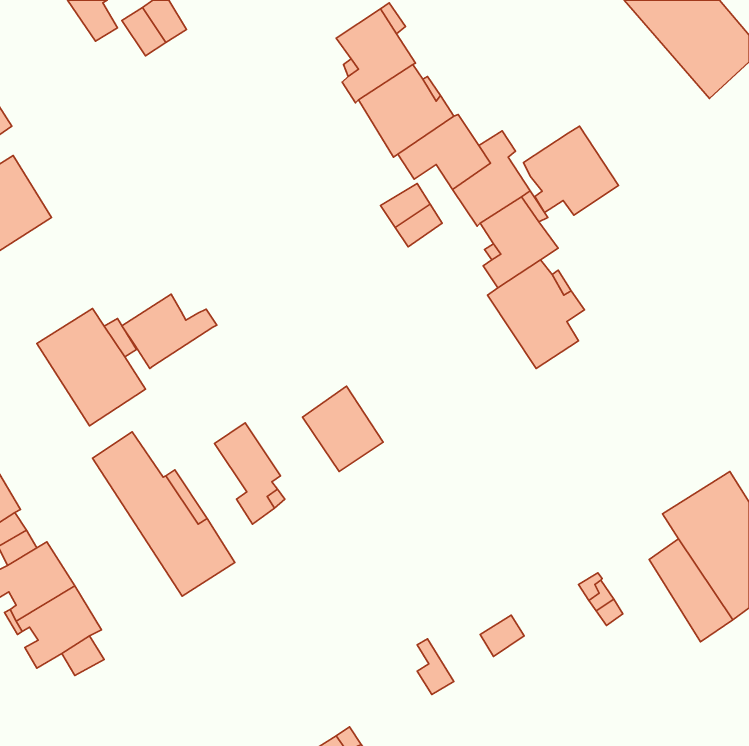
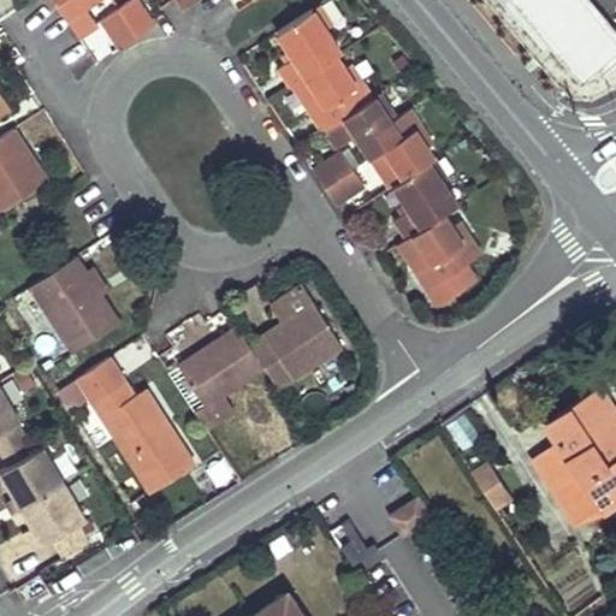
building: [523,126,618,215] -> none
building: [122,294,217,368] -> none
building: none -> [273,284,342,366]
building: none -> [201,326,265,393]

